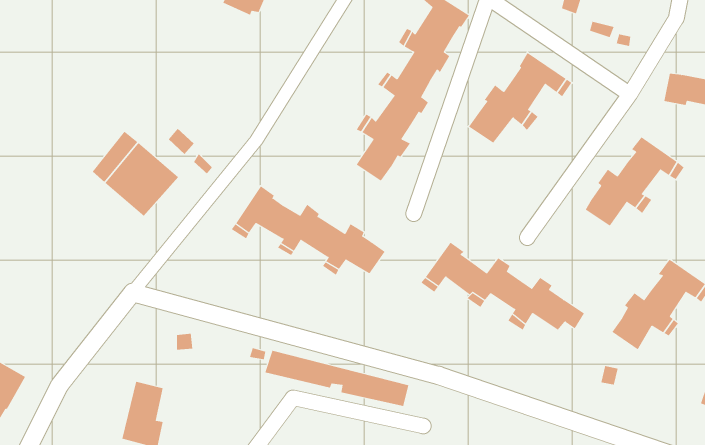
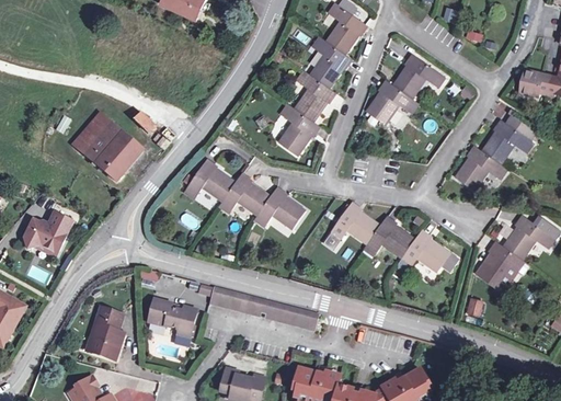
building: none -> [20,208,68,252]
building: none -> [147,298,195,337]

